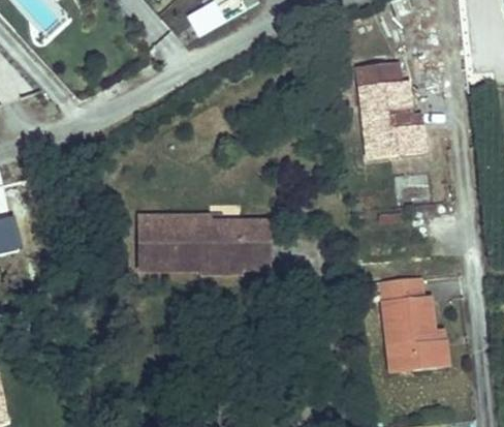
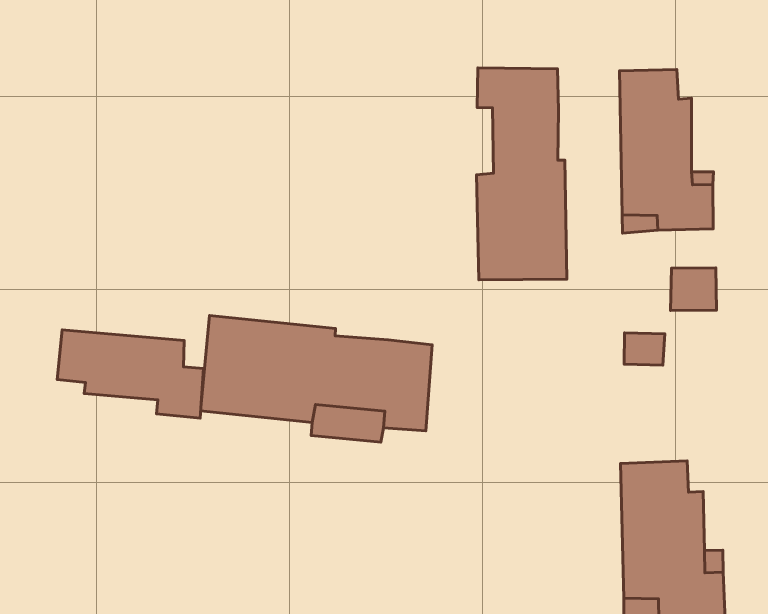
building: none -> [477,68,567,280]
building: none -> [57,330,204,418]

